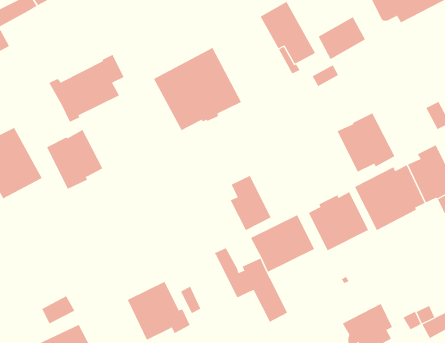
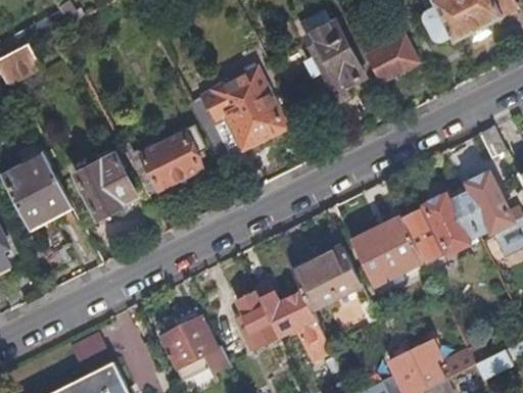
building: [48,54,125,122] -> [126,125,206,197]
building: [337,113,395,172] -> none
building: [230,175,271,231] -> [235,290,279,349]

